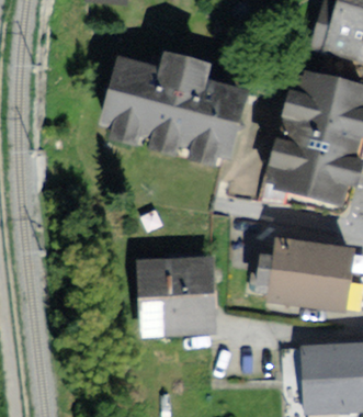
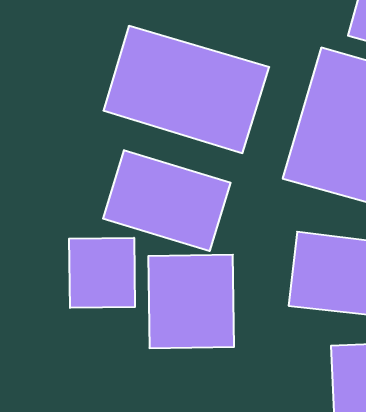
building: none -> [103,150,231,251]
building: none -> [69,238,135,308]

